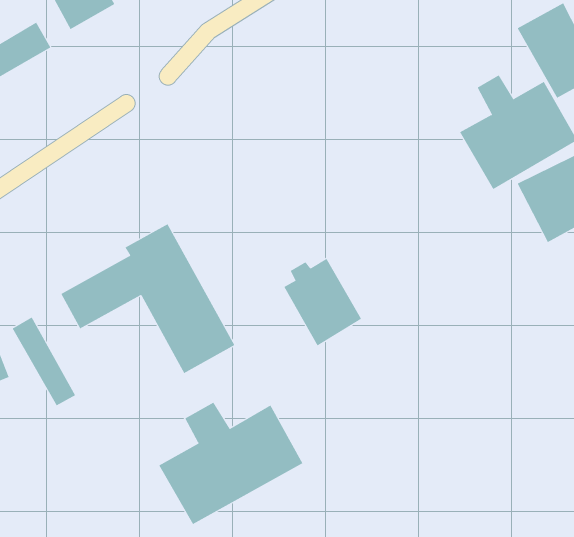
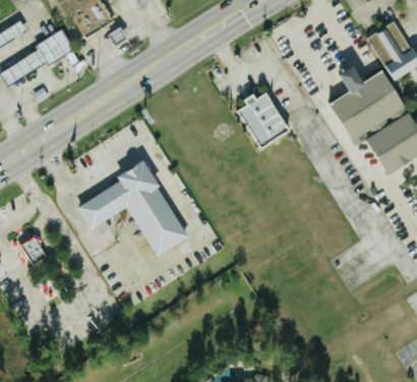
building: [284,258,362,346] -> [240,92,290,148]
building: [12,317,76,406] -> none
building: [158,402,303,525] -> none

